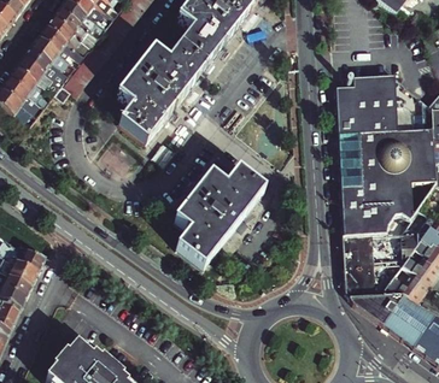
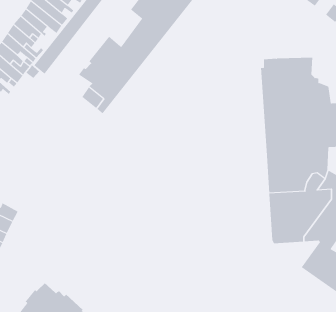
building: [176,171,263,269] -> none
building: [347,294,402,325] -> none

